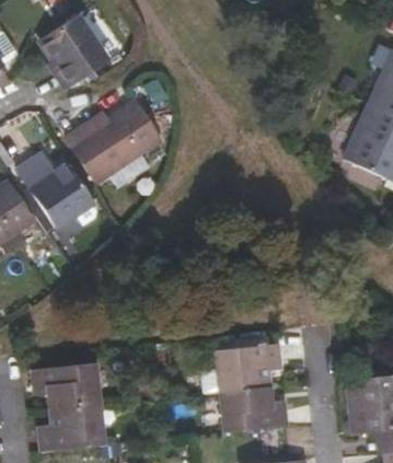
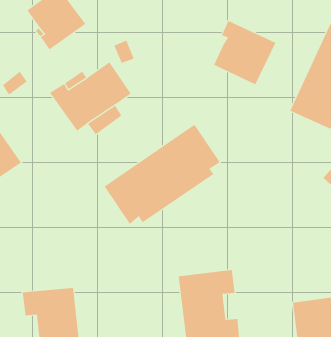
building: none -> [213,20,276,85]
building: [16,160,93,228] -> none
building: none -> [104,124,220,225]

